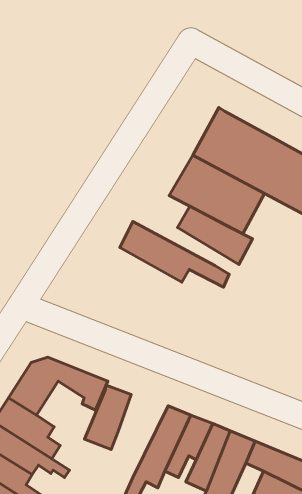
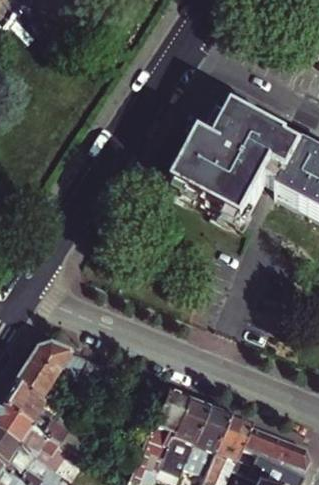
building: none -> [221,90,278,134]
building: [178,206,252,264] -> none
building: [120,222,229,287] -> none
building: [85,385,131,450] -> none

